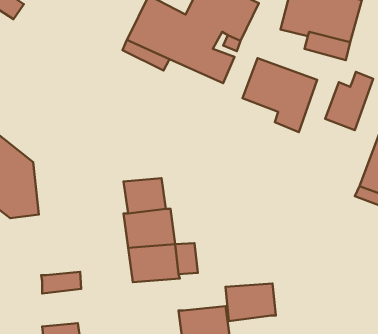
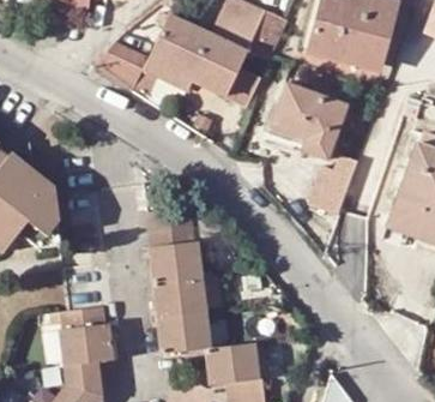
building: none -> [96,41,147,84]
building: [325,72,373,130] -> [309,151,360,212]
building: [225,283,276,321] -> [155,311,207,350]
building: none -> [56,320,110,361]

